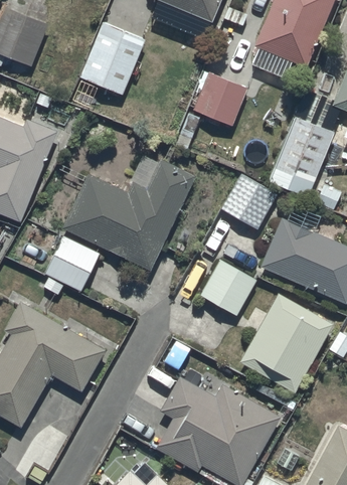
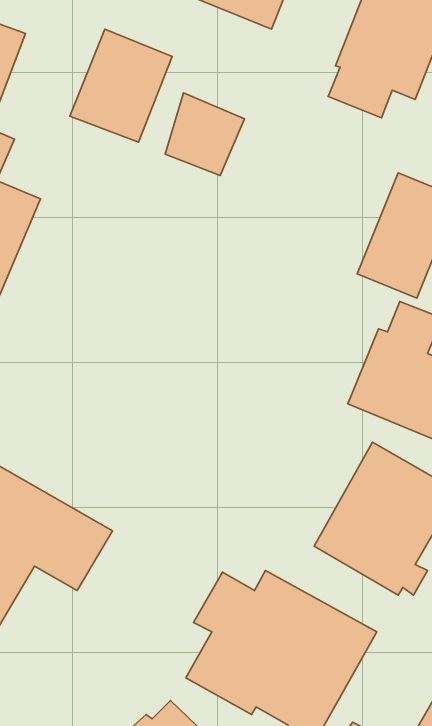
building: [196,72,248,127] -> [165,93,245,175]
building: [44,159,194,296] -> none
building: [219,174,278,232] -> none
building: [200,260,257,317] -> none

